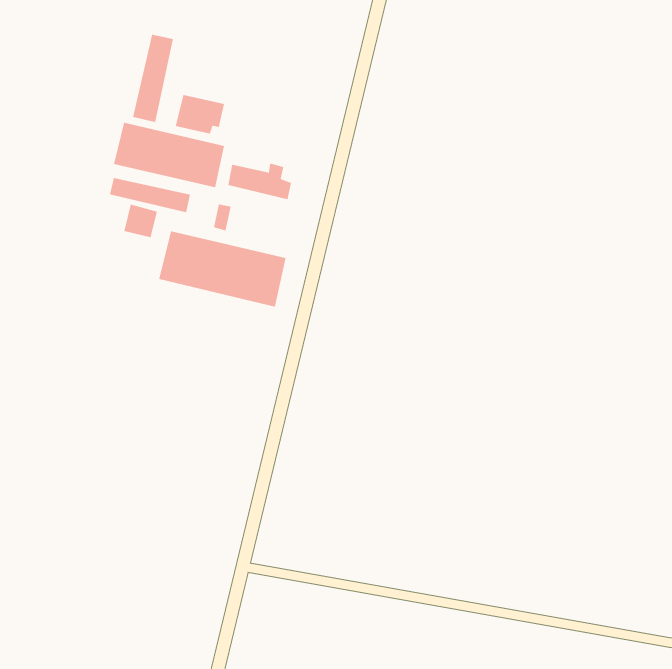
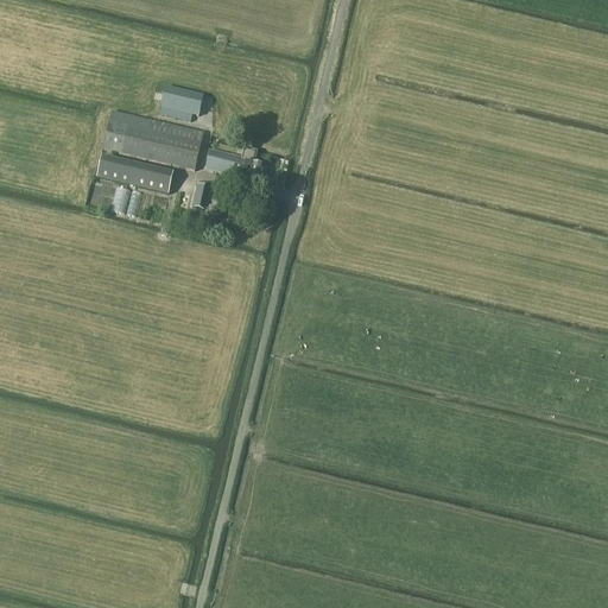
building: [133,34,173,123] -> none
building: [159,230,286,307] -> none

